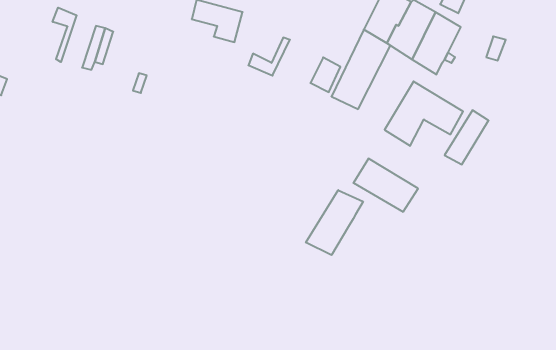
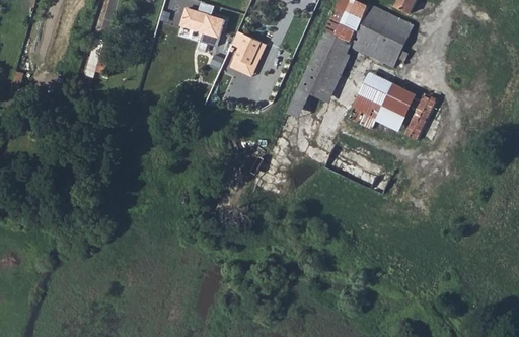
building: [53,8,77,62] -> none
building: [310,57,340,92] -> [232,35,258,65]
building: [306,190,363,255] -> none

